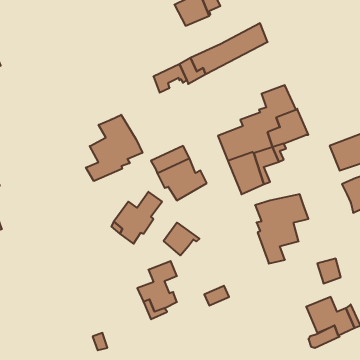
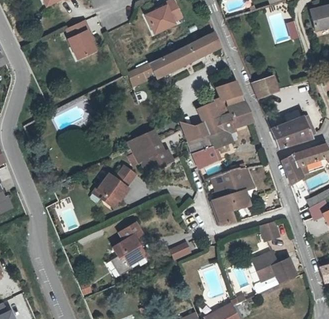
building: none -> [67,21,96,60]
building: none -> [252,75,279,98]
building: [86,115,142,181] -> none
building: [164,223,199,255] -> none

